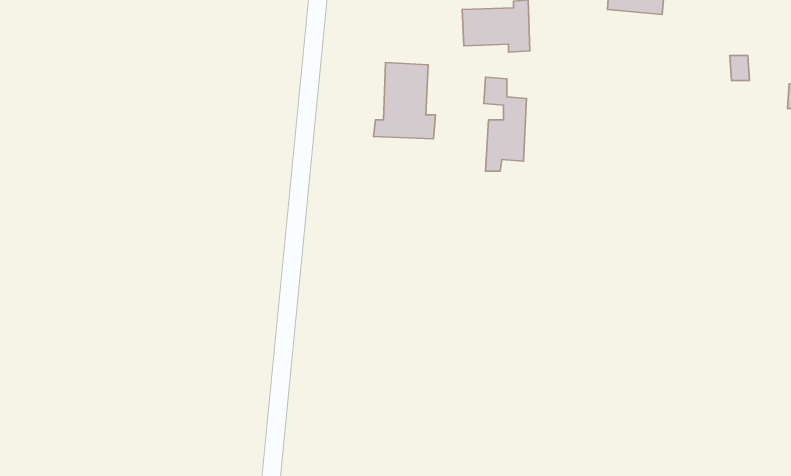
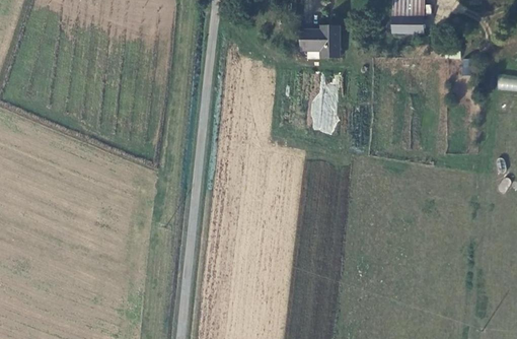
building: [374,63,436,139] -> none

